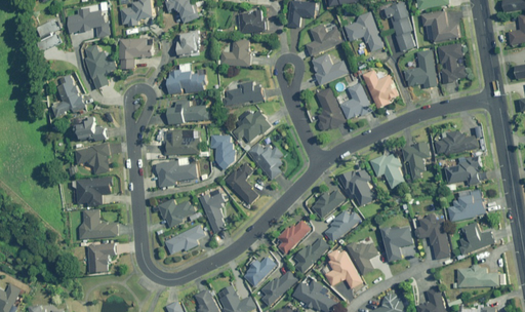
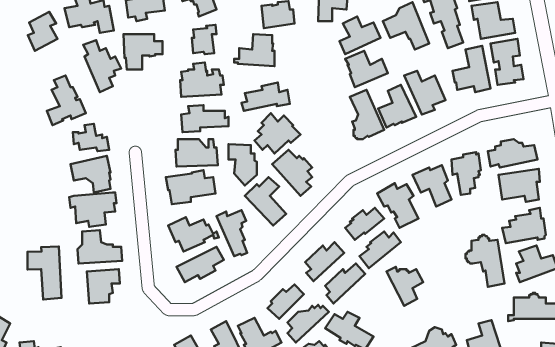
building: none -> [27,247,61,300]
building: [381,227,412,262] -> none
building: [325,250,361,288] -> none

